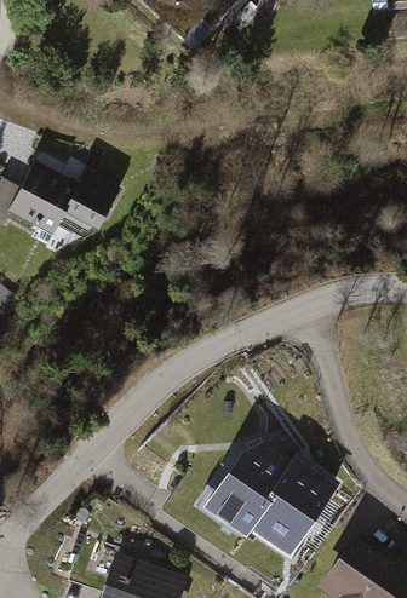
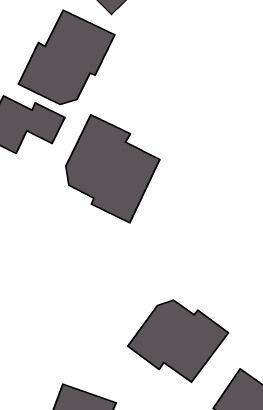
building: none -> [18,10,115,104]
building: none -> [66,115,160,223]

